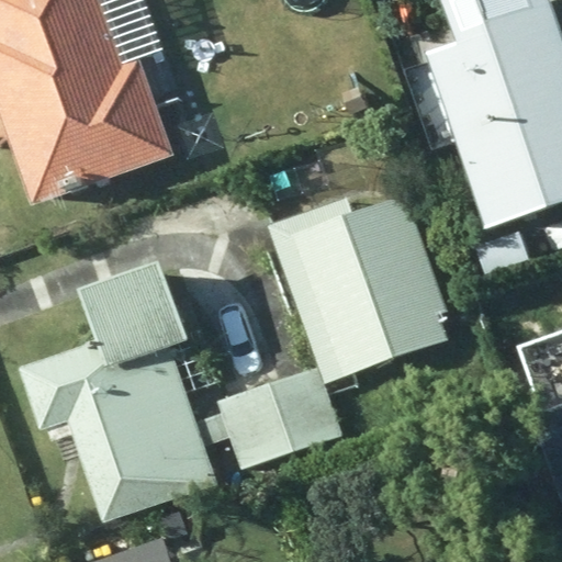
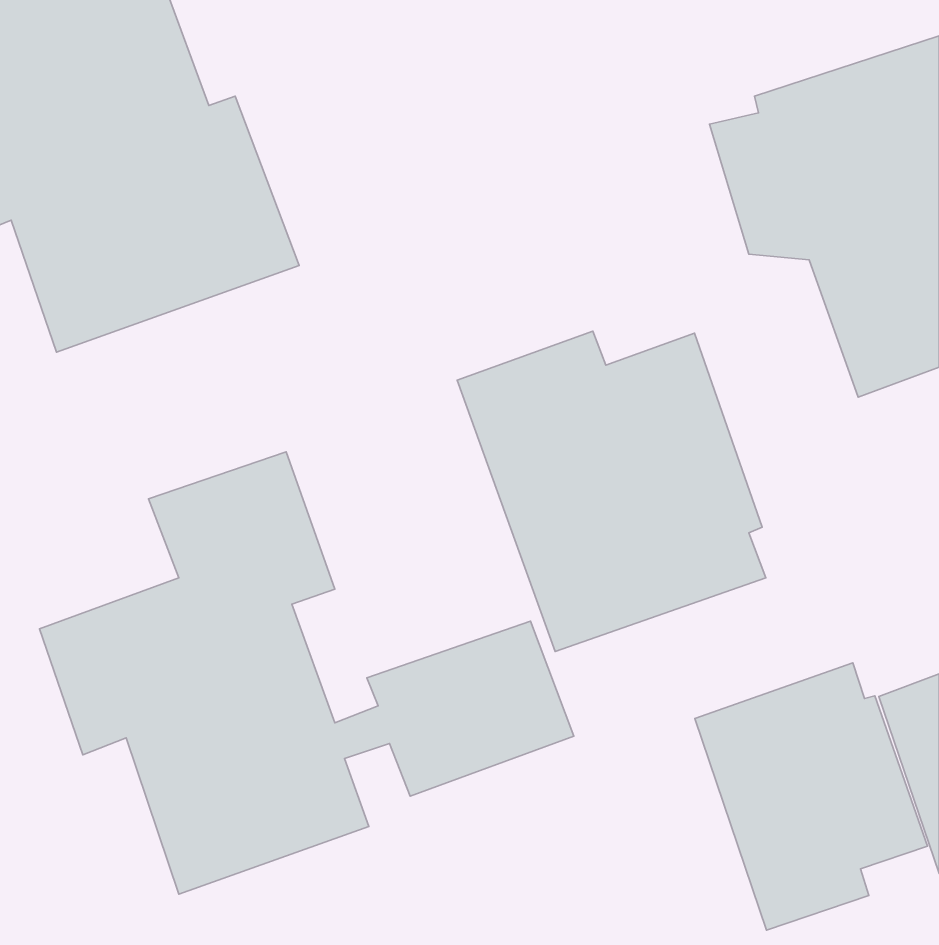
building: none -> [695,663,927,930]

